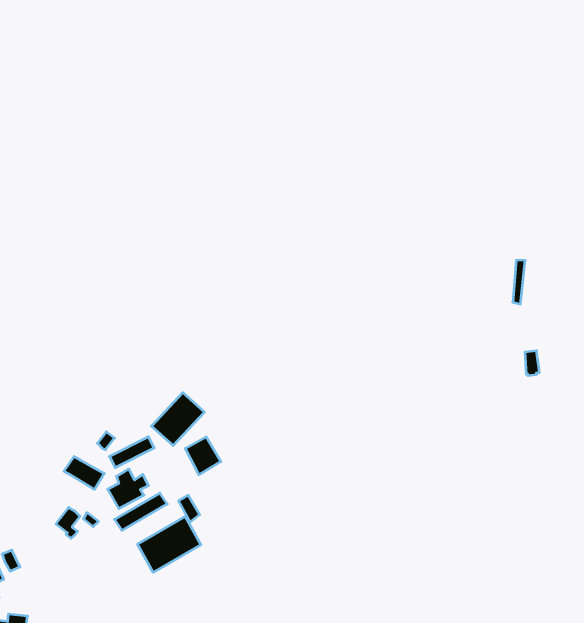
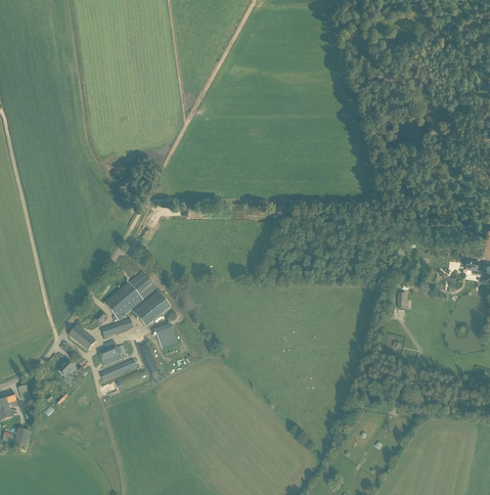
building: none -> [104,271,157,319]
building: [138,516,201,572] -> none

